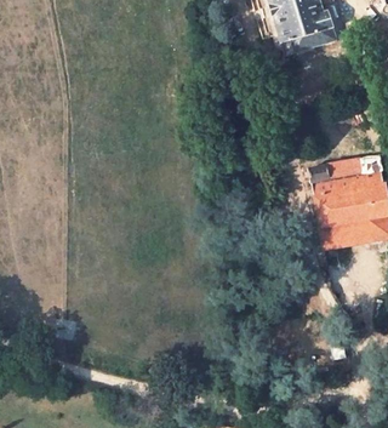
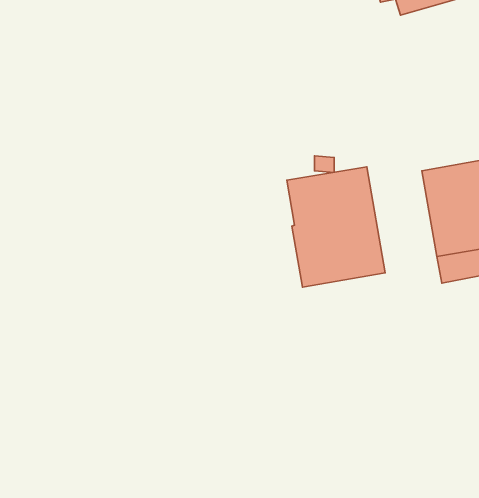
building: none -> [287,167,385,287]

